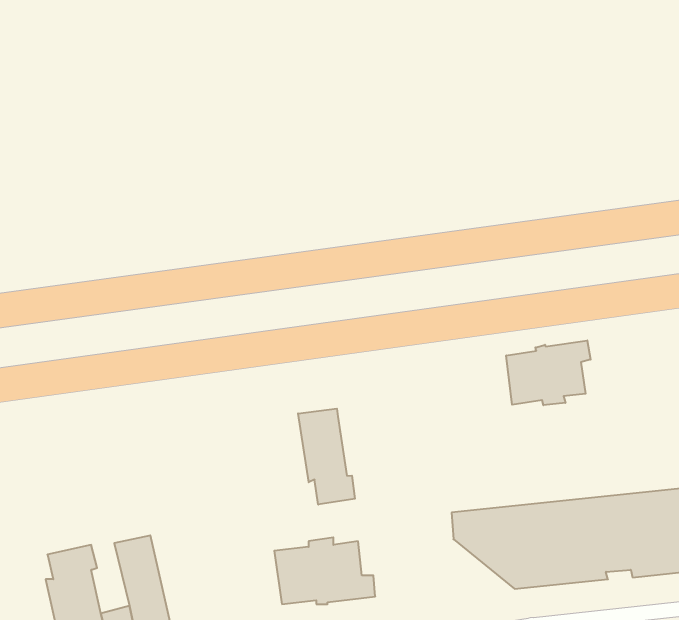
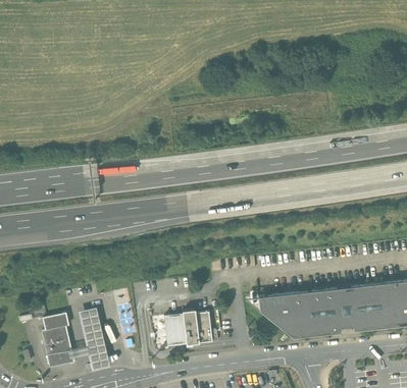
building: [506,340,591,405] -> none
building: [298,409,355,505] -> none

